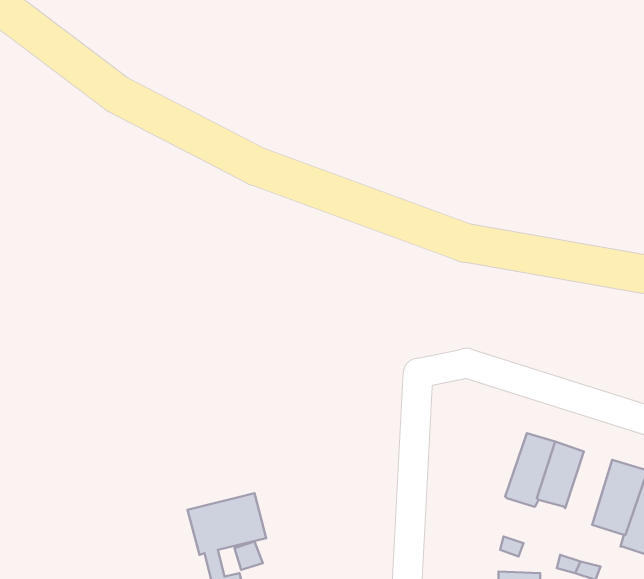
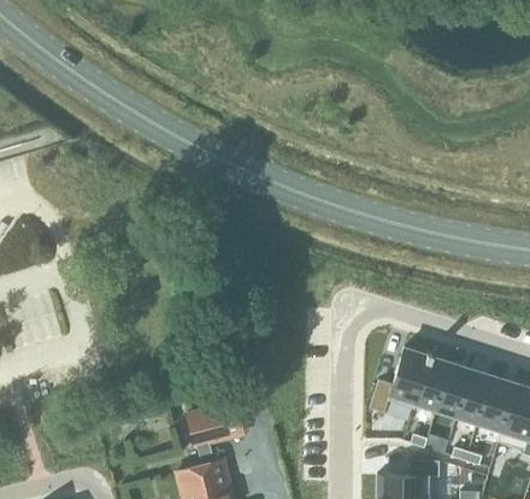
building: none -> [371,346,434,411]
building: none -> [457,371,493,424]

